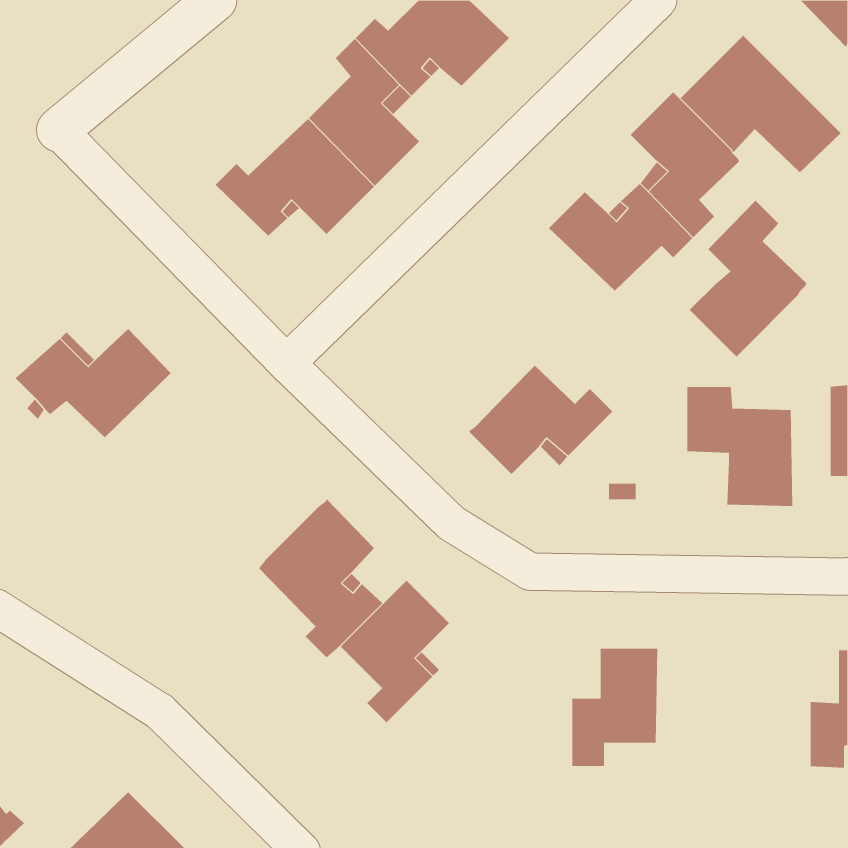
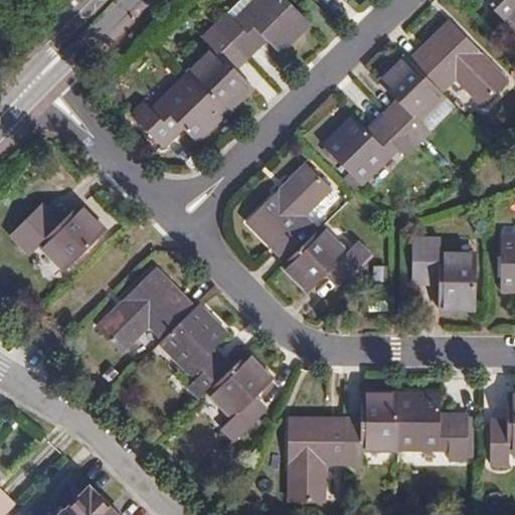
building: [689,200,807,357] -> none
building: none -> [246,162,331,260]
building: none -> [95,270,192,352]
building: none -> [396,393,468,459]
building: none -> [290,417,345,499]

